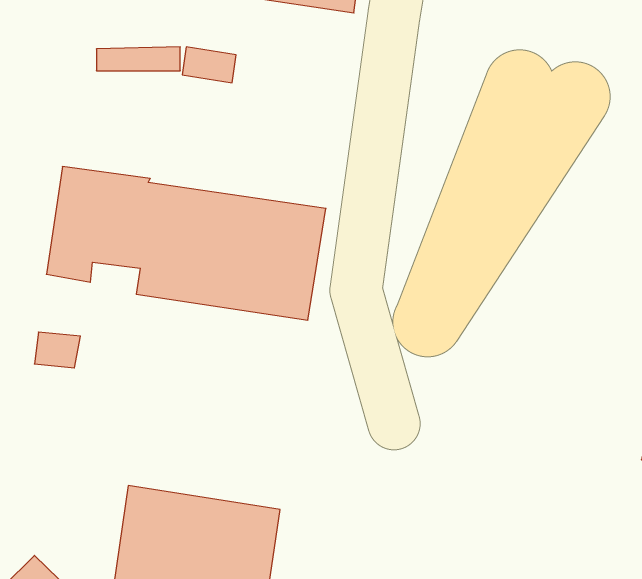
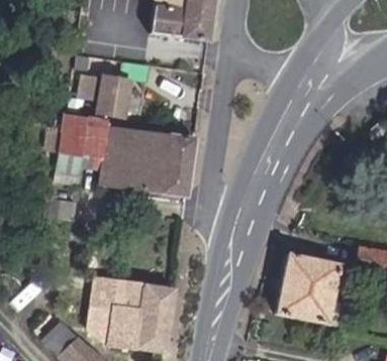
building: none -> [91,78,139,118]
building: none -> [276,251,338,321]

